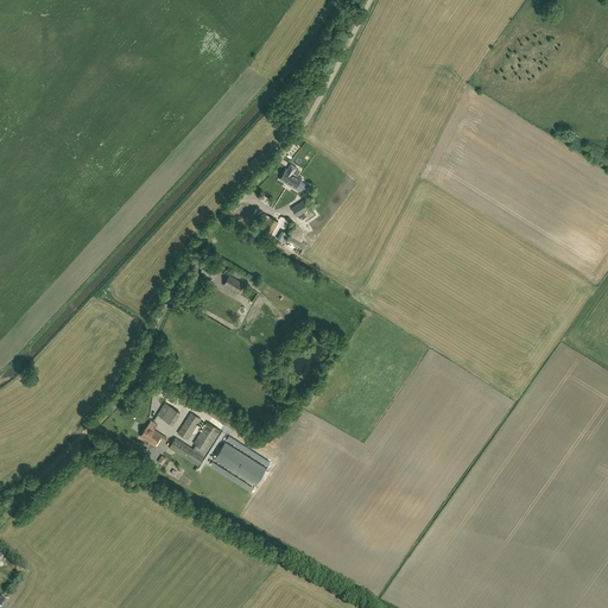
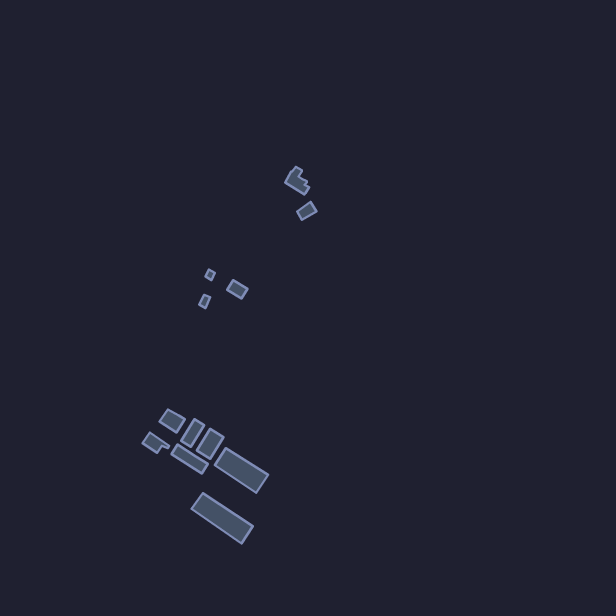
building: none -> [192,493,253,544]

